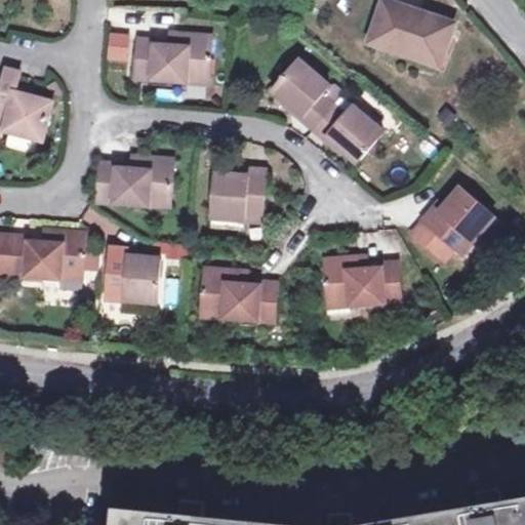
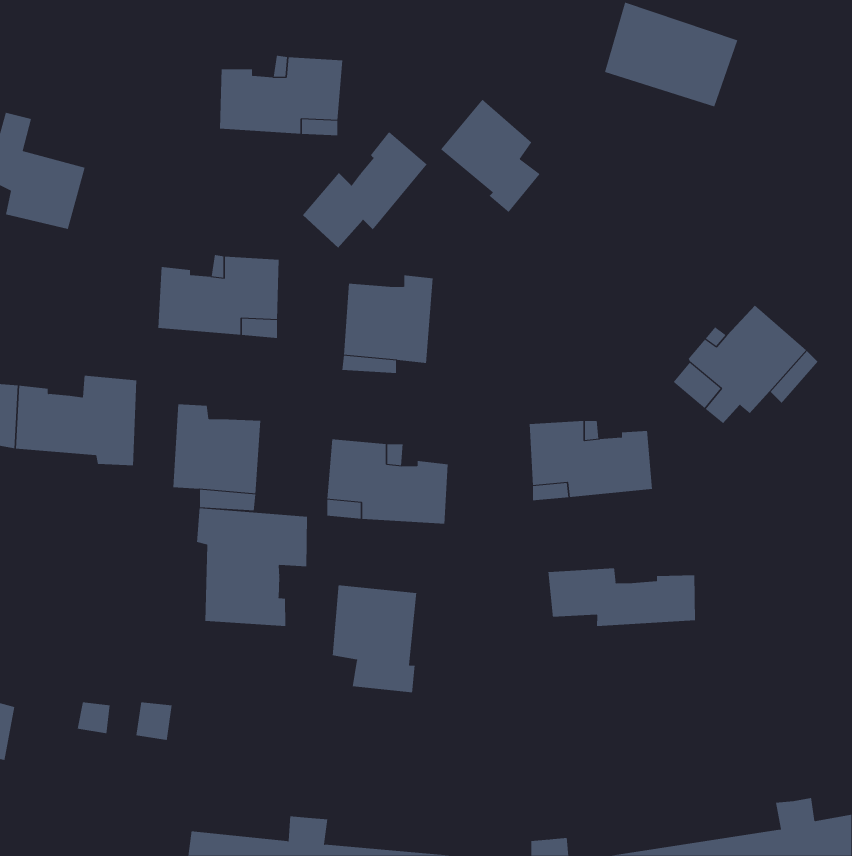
building: none -> [302,131,427,249]
building: [312,107,382,163] -> none
building: none -> [196,508,308,627]
building: none -> [548,567,695,627]
building: none -> [332,585,417,693]

